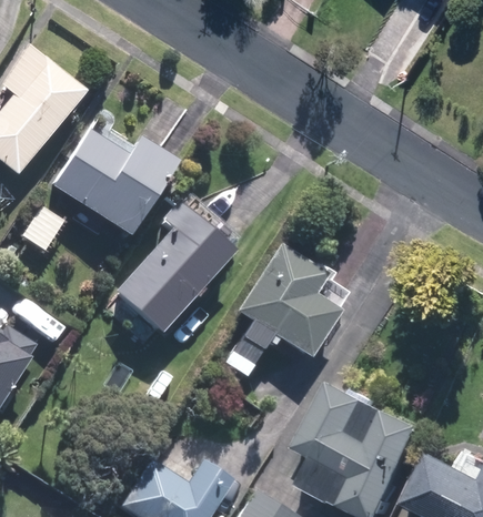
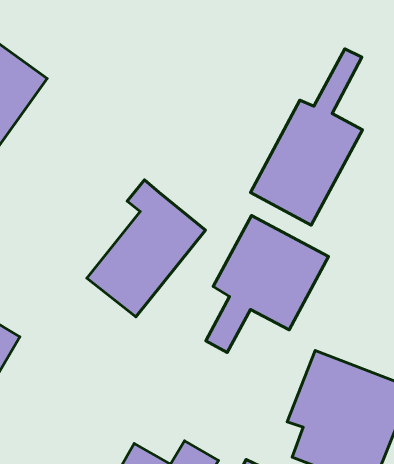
building: none -> [251,49,362,225]
building: [51,113,179,241] -> none

